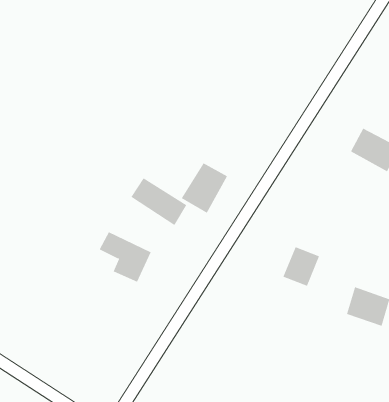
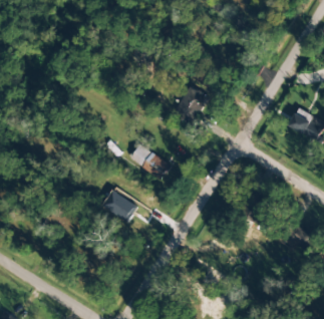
building: [181,162,228,213] -> [173,85,207,122]

